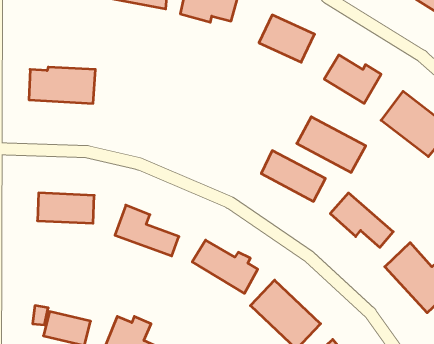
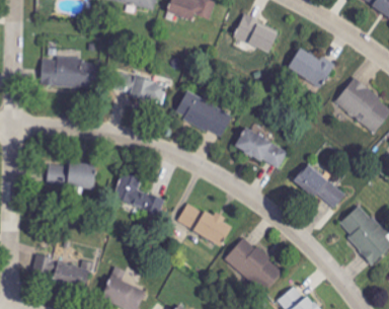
building: none -> [114,72,166,105]
building: [297,117,366,172] -> [174,91,232,138]

